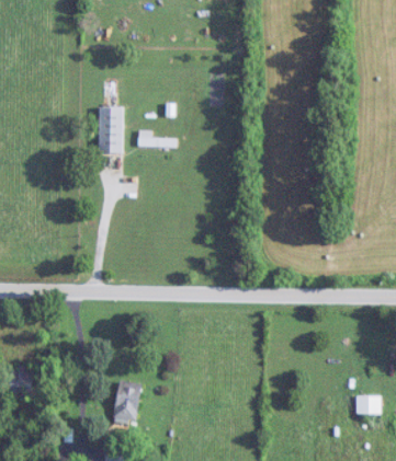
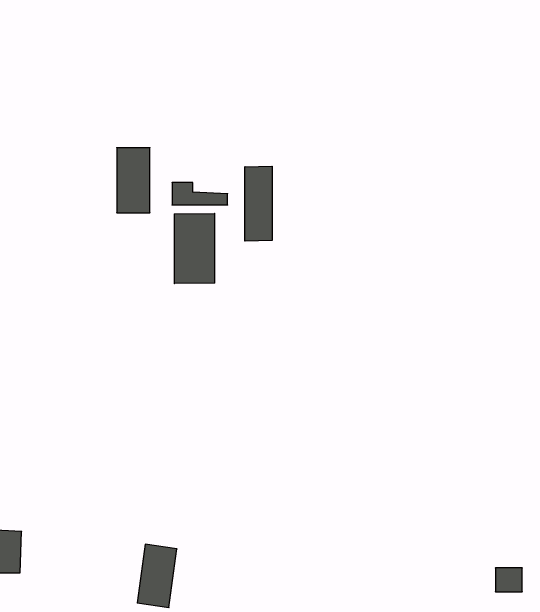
building: none -> [245,166,272,241]
building: none -> [174,213,215,284]

